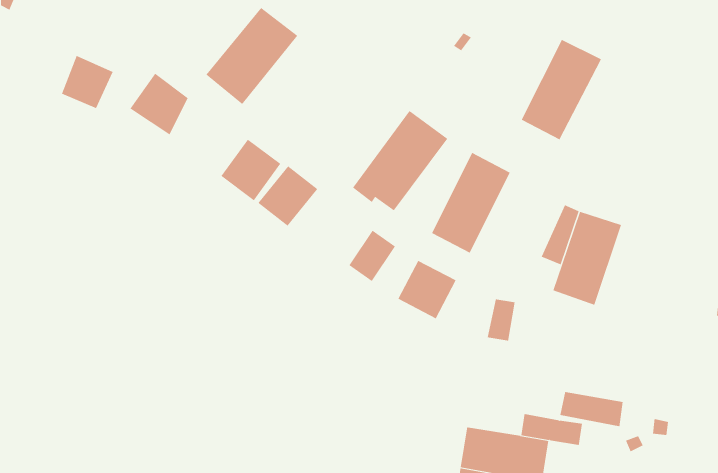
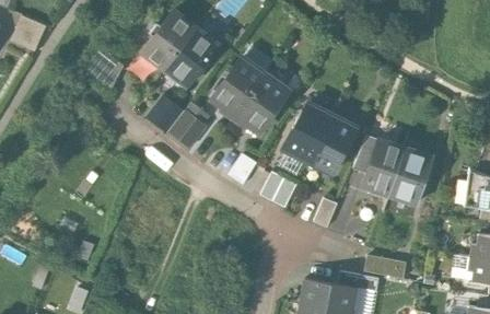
building: none -> [159,25,219,90]
building: [521,39,602,140] -> [306,114,359,179]
building: [61,55,113,109] -> [11,16,45,51]
building: none -> [208,55,267,124]
building: none -> [387,148,432,209]

